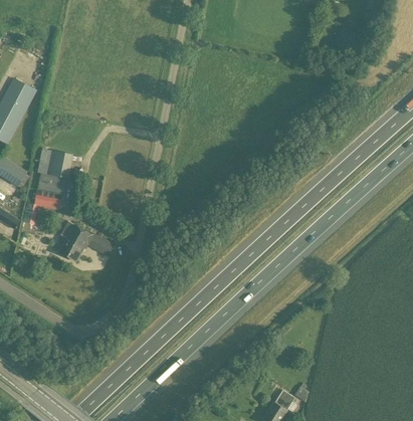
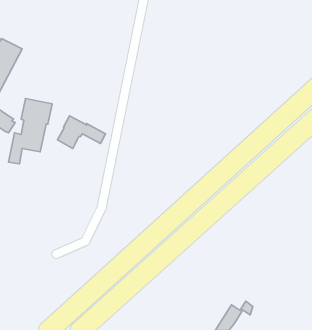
building: [57,223,114,261] -> [57,116,105,148]

